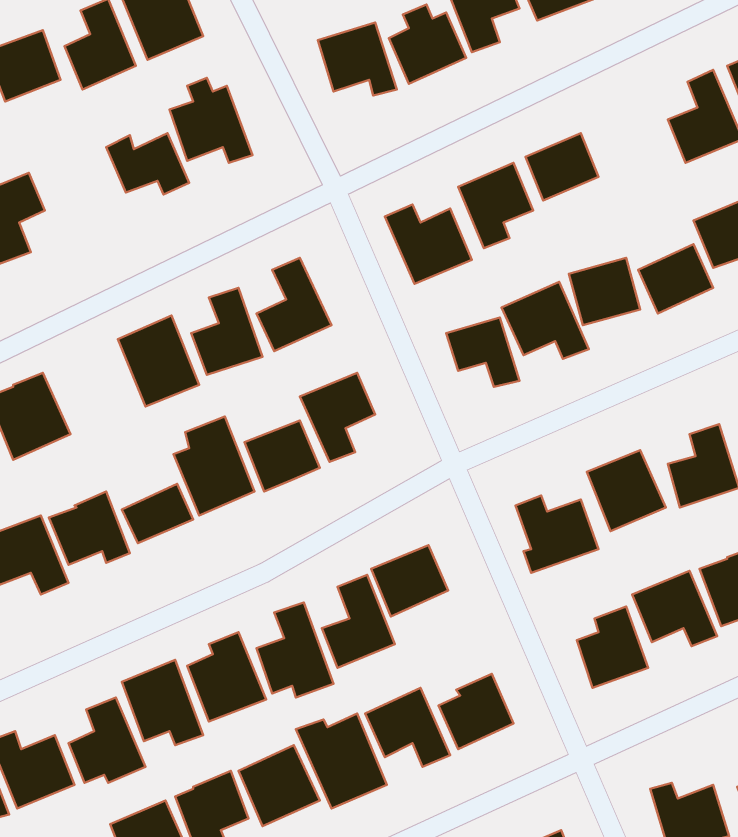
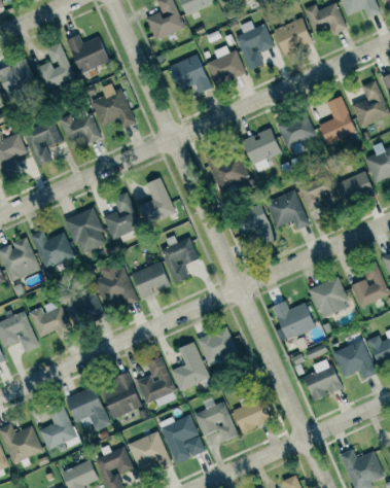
building: none -> [319,96,355,143]
building: none -> [23,118,61,166]
building: none -> [30,230,74,270]

